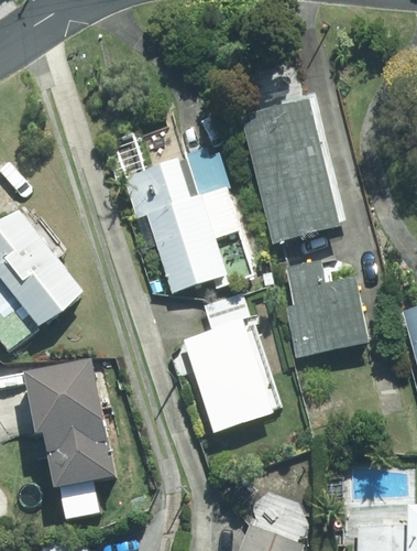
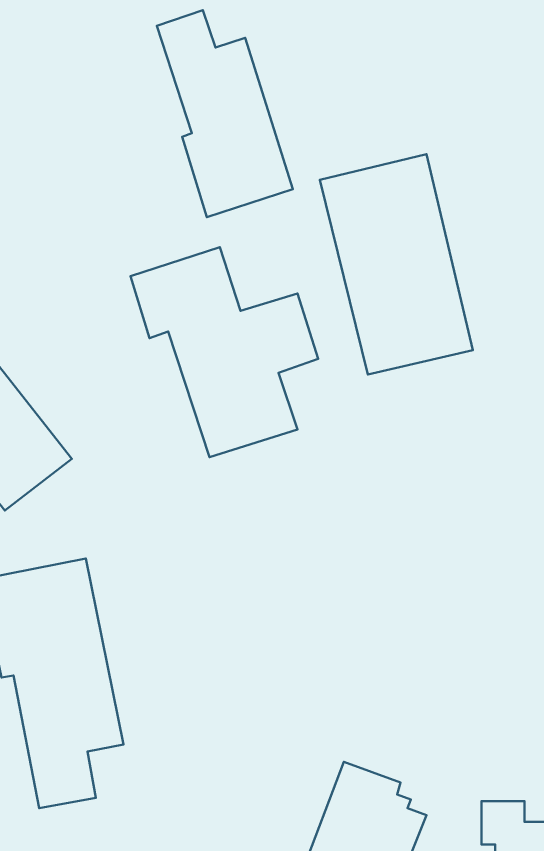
building: none -> [157,10,293,217]
building: [284,261,369,356] -> none
building: [183,320,272,431] -> none

